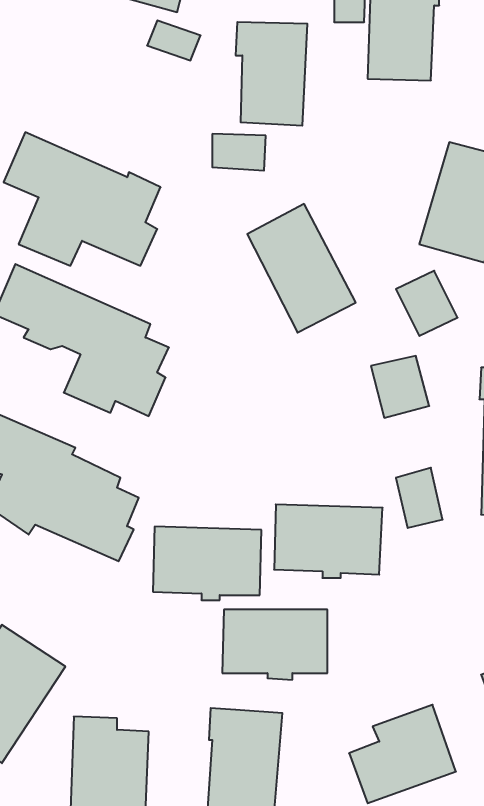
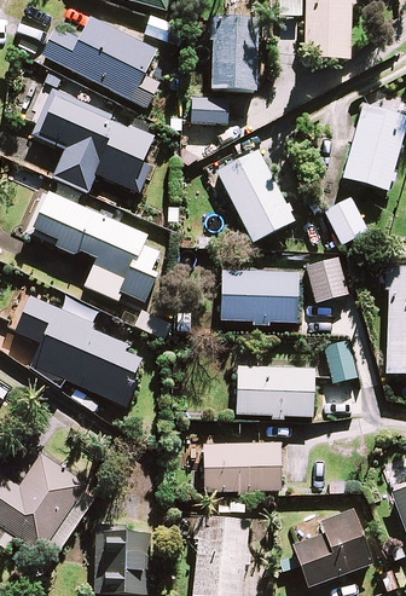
building: none -> [43,17,161,108]
building: [153,527,261,600] -> [221,272,300,325]

